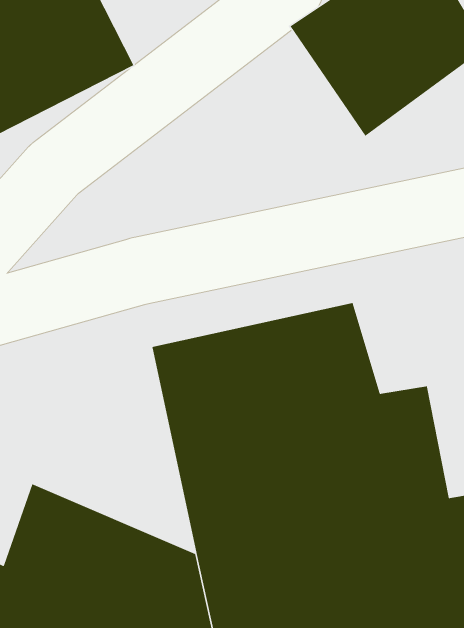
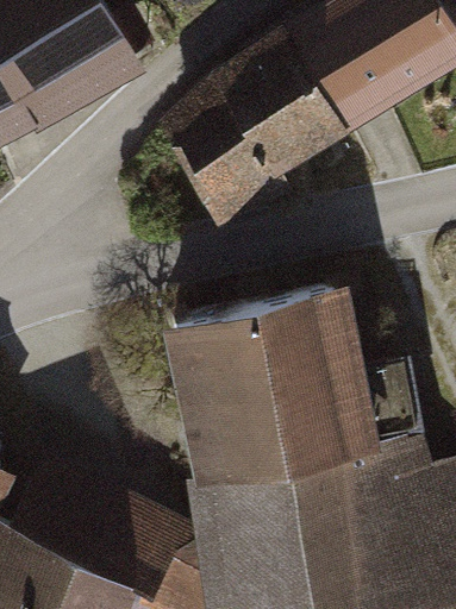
building: none -> [160,39,356,226]

